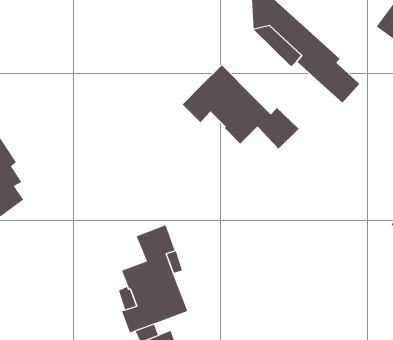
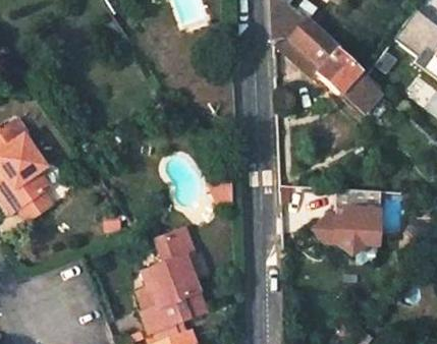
building: [182,64,299,150] -> none
building: none -> [311,206,377,252]

